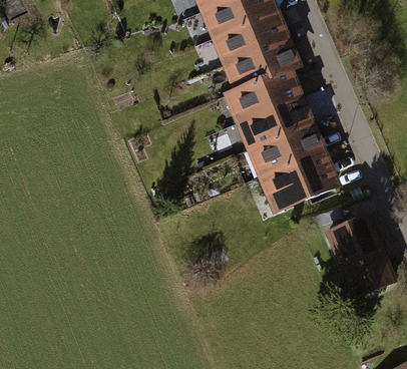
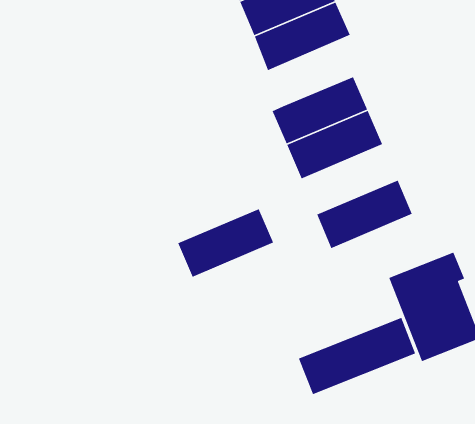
building: [223,40,302,97] -> none
building: [250,128,328,184] -> [177,208,274,278]
building: none -> [298,317,416,395]

